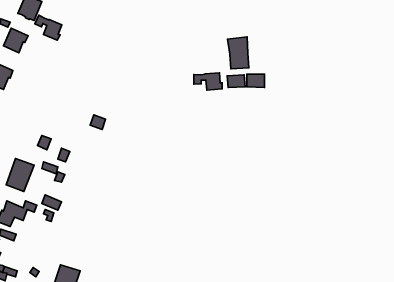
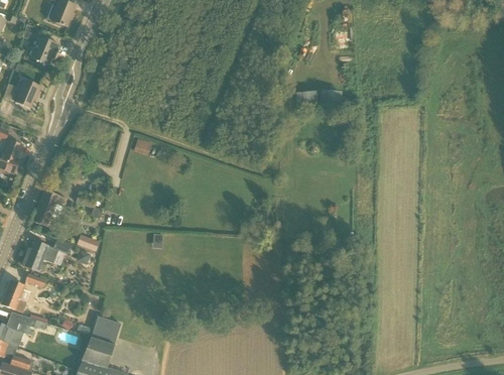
building: [35,15,62,40] -> none
building: [227,37,249,69] -> none
building: [194,73,222,90] -> none

